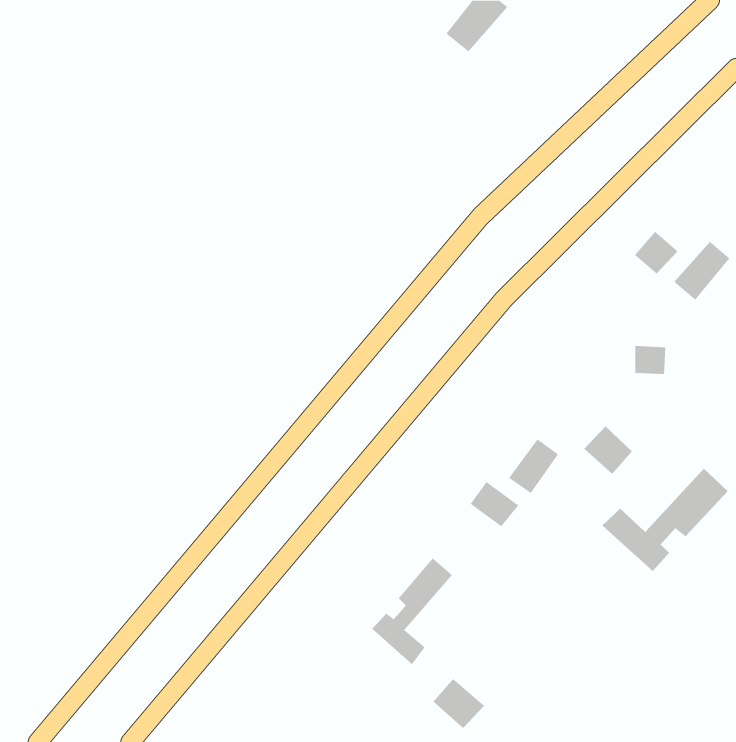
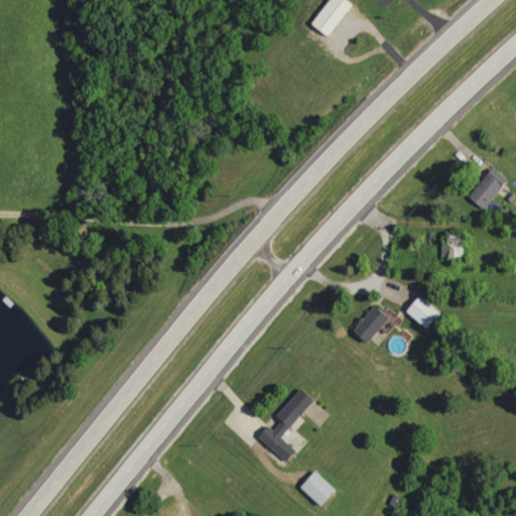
building: [634,231,679,274] -> none
building: [601,468,729,572] -> none
building: [470,481,519,527] -> none

